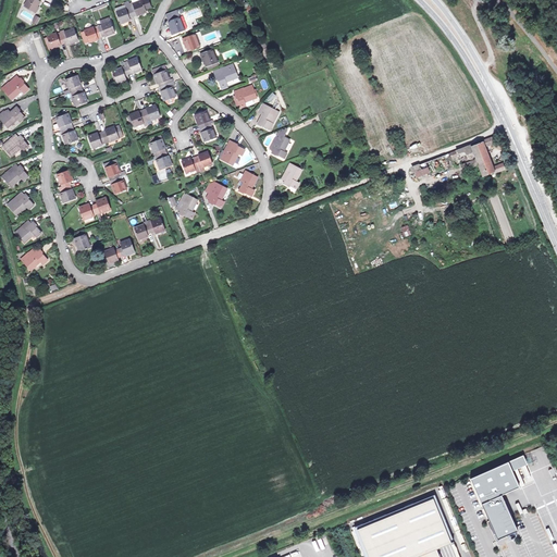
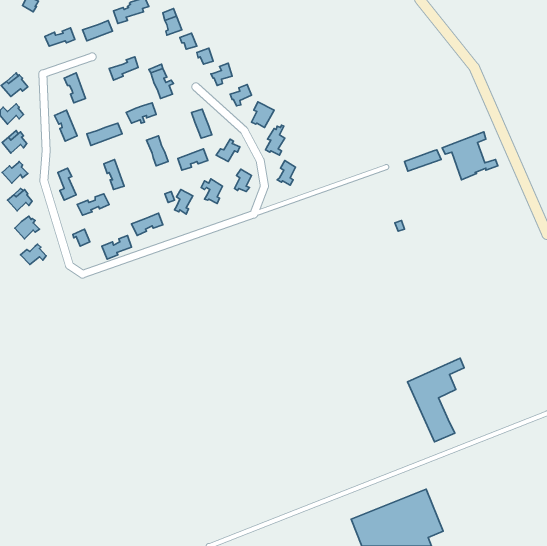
building: [470,454,528,539] -> [408,358,464,442]

